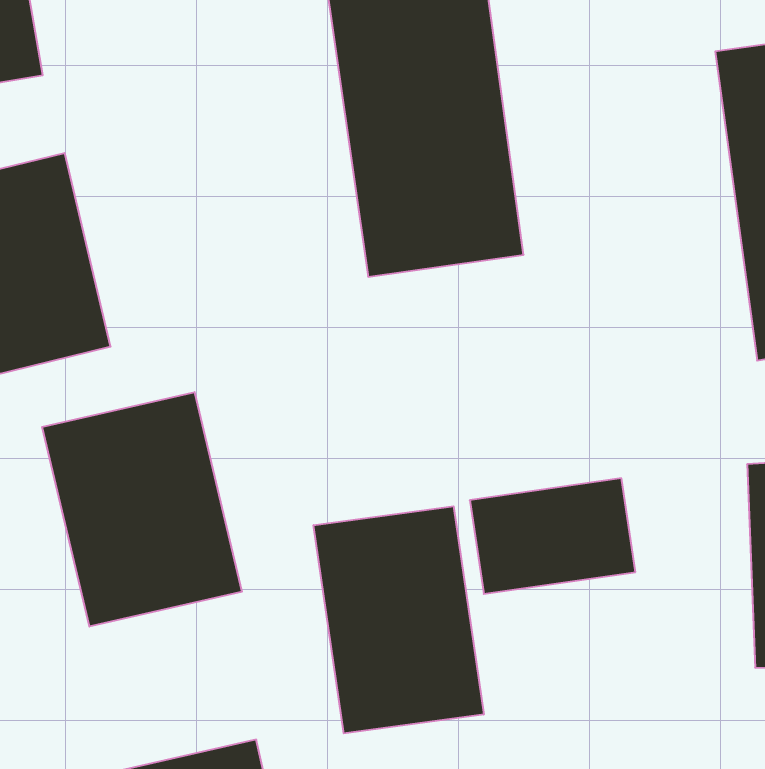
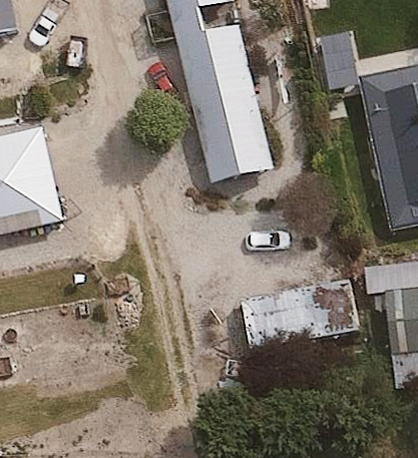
building: [42,392,242,627] -> none
building: [314,506,484,733] -> none

